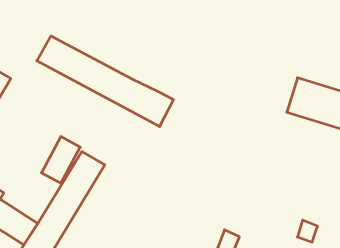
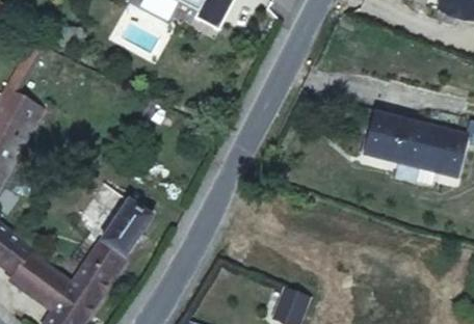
building: [37,36,173,127] -> none

